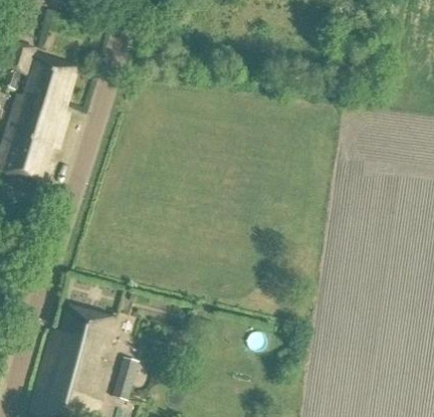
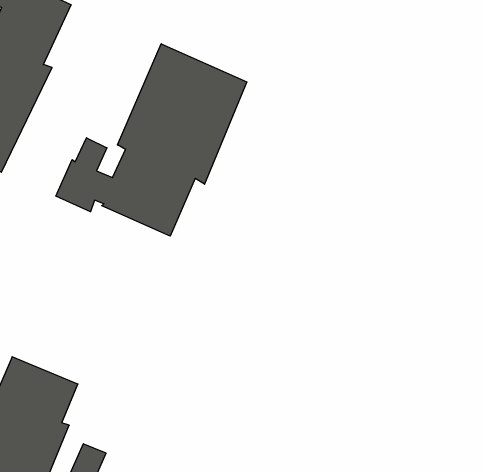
building: none -> [56,44,247,236]

